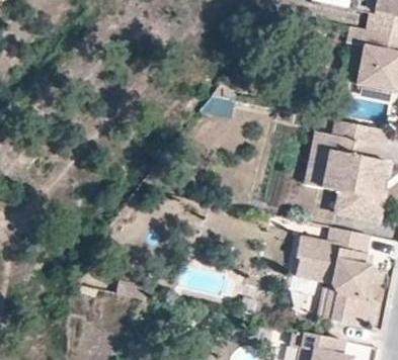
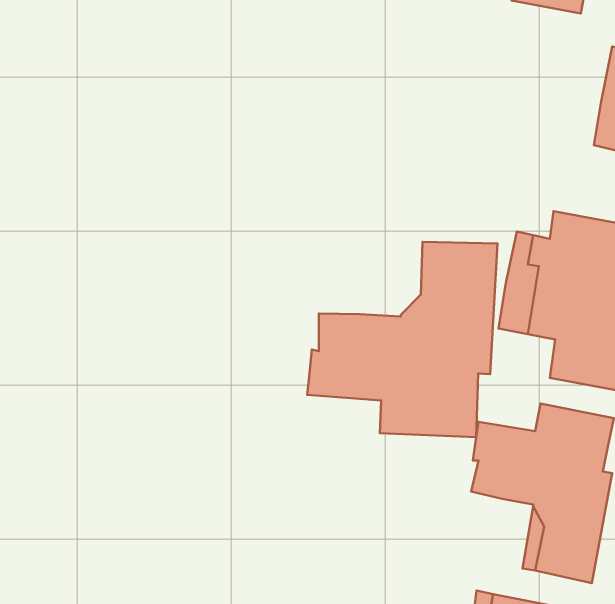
building: none -> [307,242,497,437]

